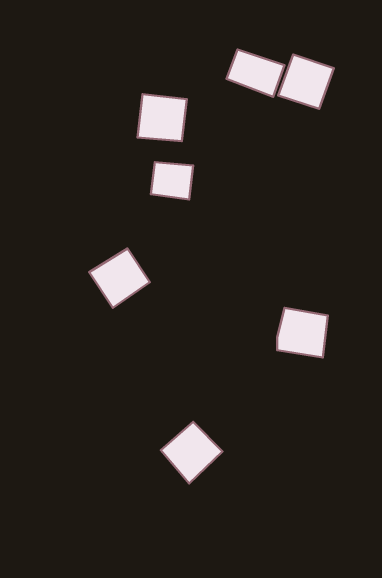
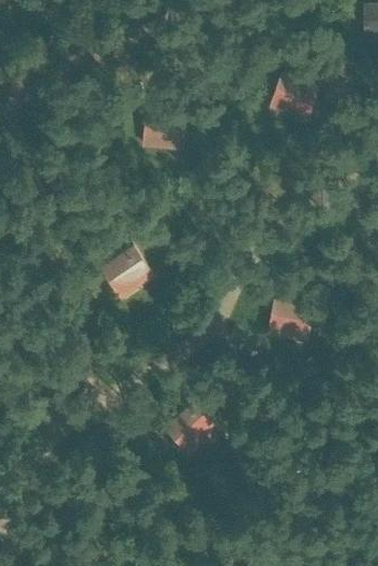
building: [227,49,284,97] -> none
building: [151,162,193,199] -> none

